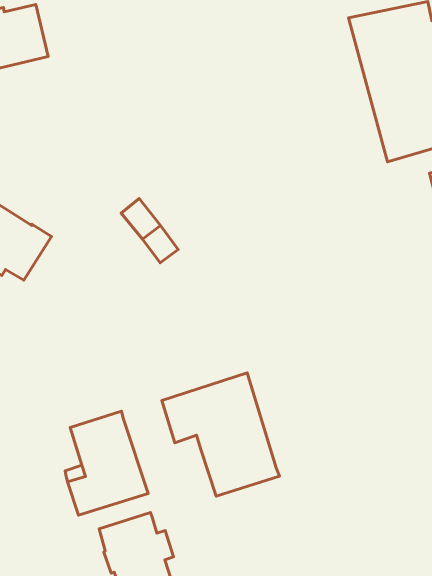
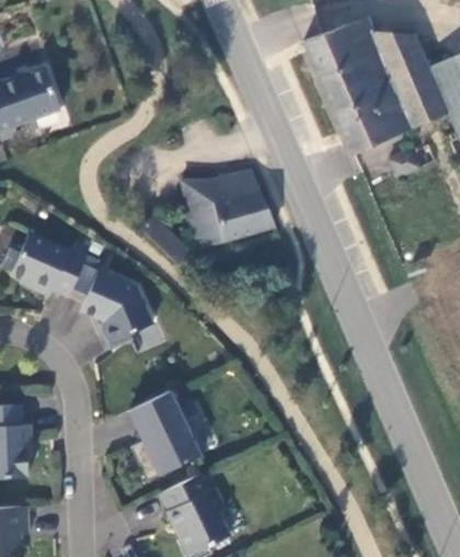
building: none -> [182,170,273,248]
building: none -> [80,269,152,346]
building: [162,373,280,496] -> none

